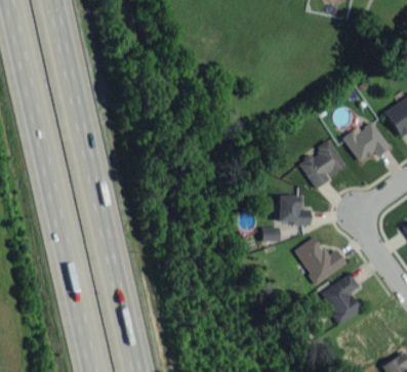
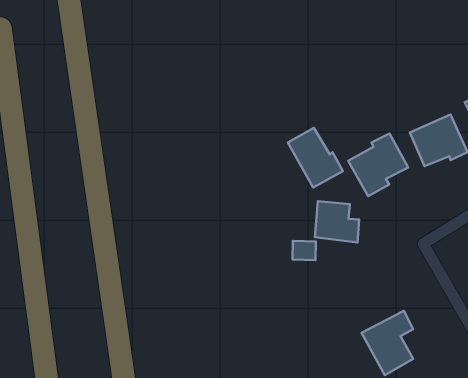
building: none -> [288,128,343,188]
building: [294,237,347,283] -> none

